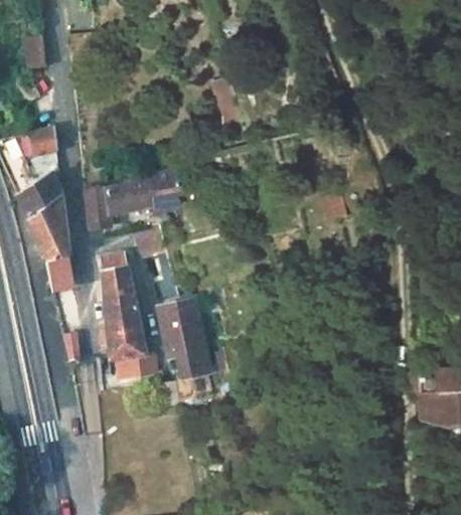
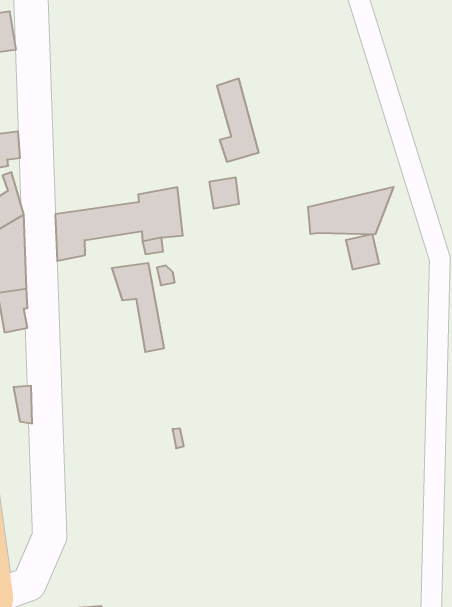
building: none -> [308,187,394,234]
building: [100,256,157,362] -> none
building: [159,302,204,359] -> none

